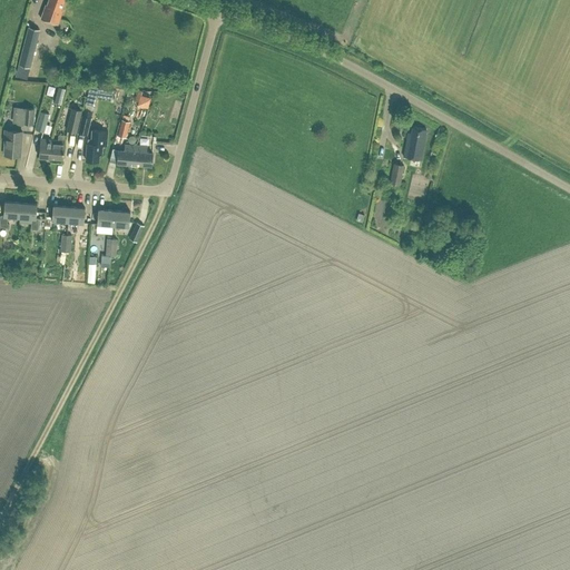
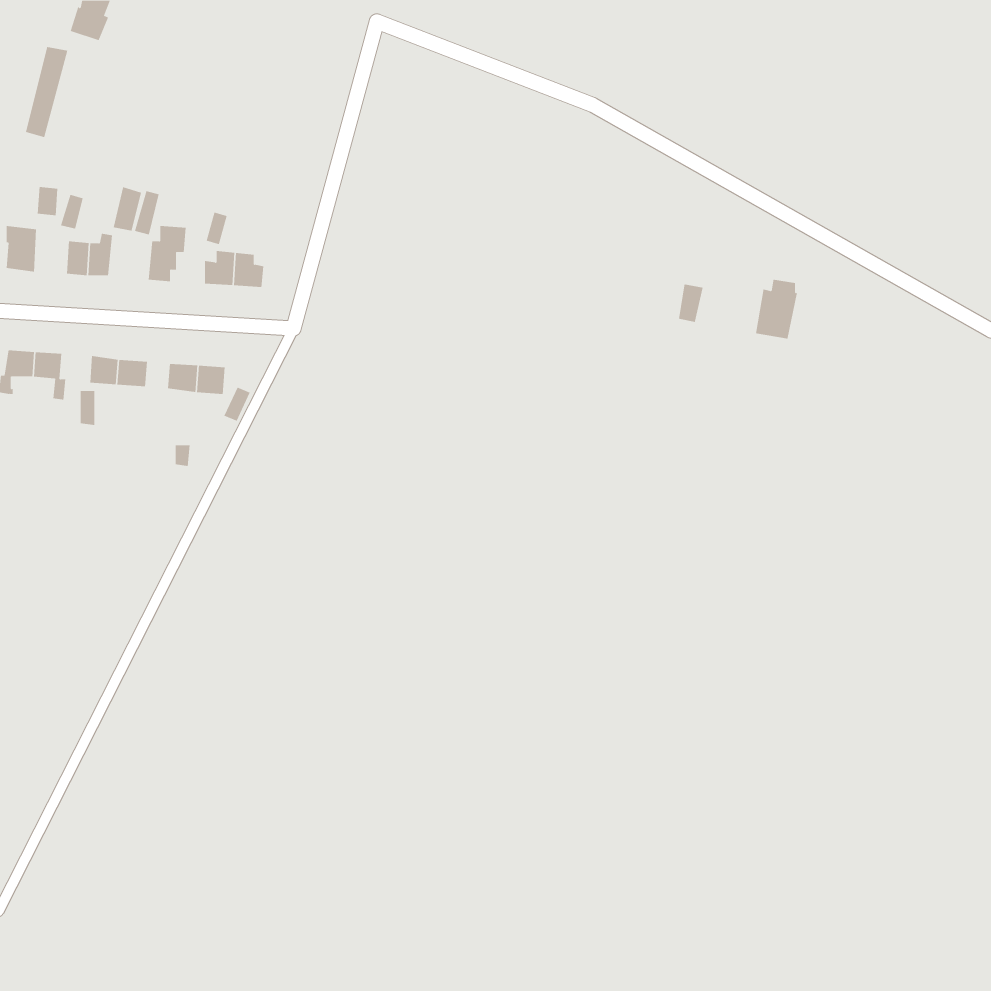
building: [402,127,426,161] -> [755,279,798,339]

